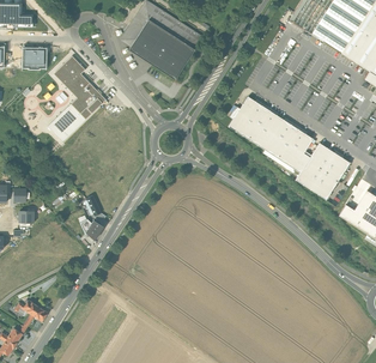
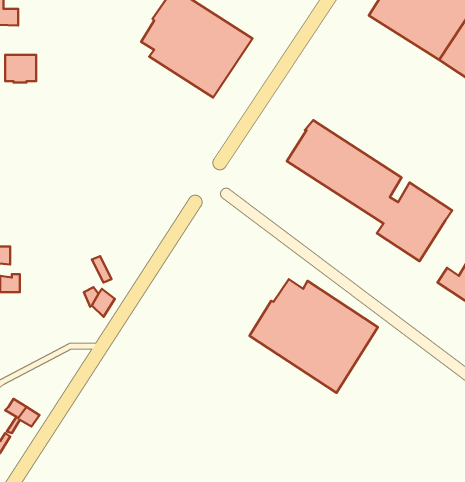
building: [48,56,105,143] -> none
building: none -> [249,279,378,393]

